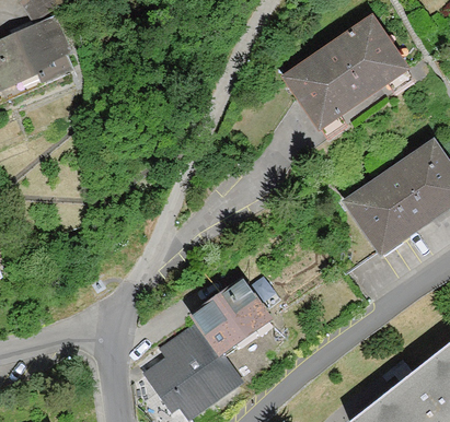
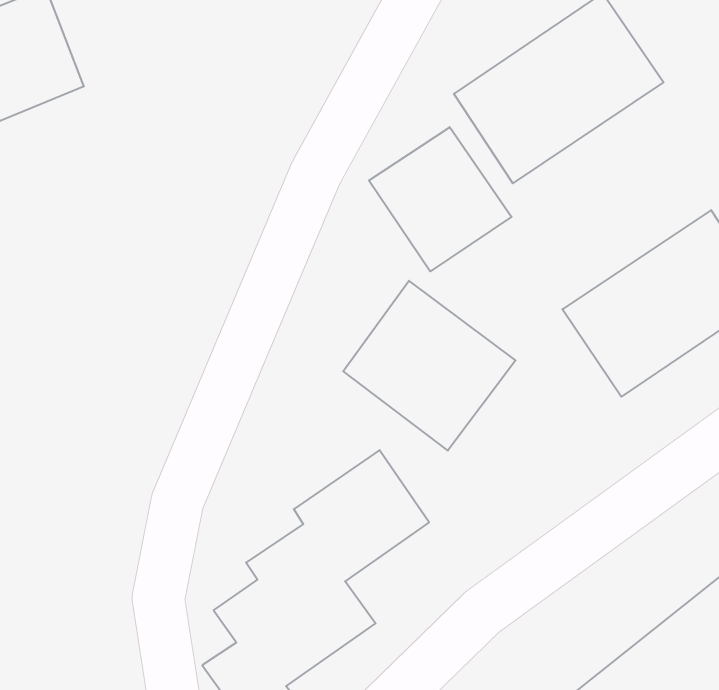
building: none -> [369,127,512,271]
building: none -> [343,281,516,451]

